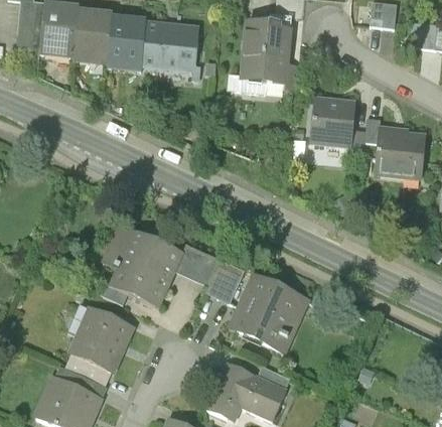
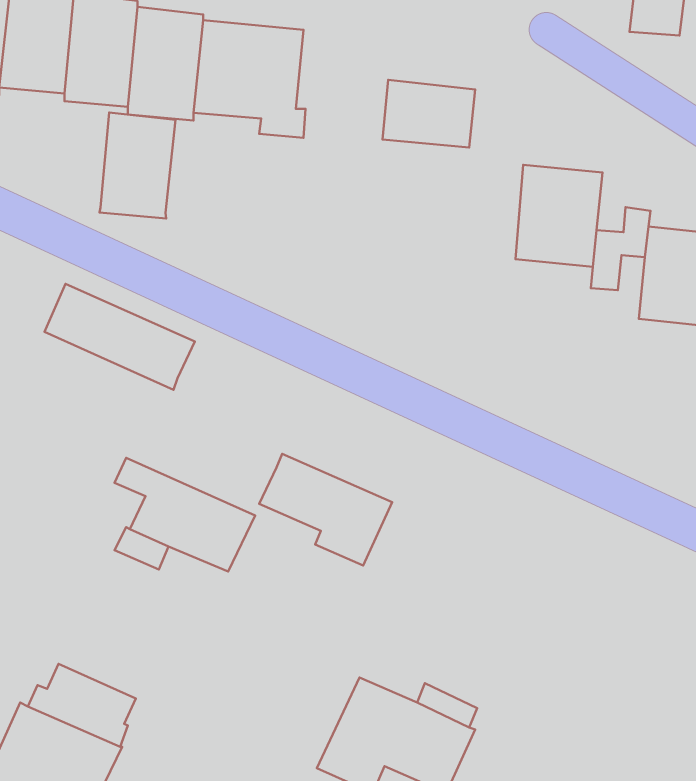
building: [243,20,292,55] -> none
building: none -> [99,112,175,218]
building: [106,223,184,278] -> [44,284,195,390]
building: [227,272,310,354] -> none
building: [66,307,135,375] -> none

